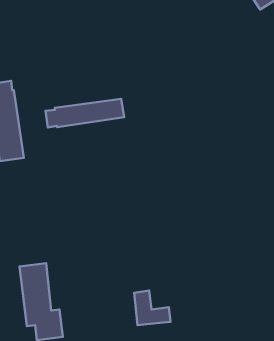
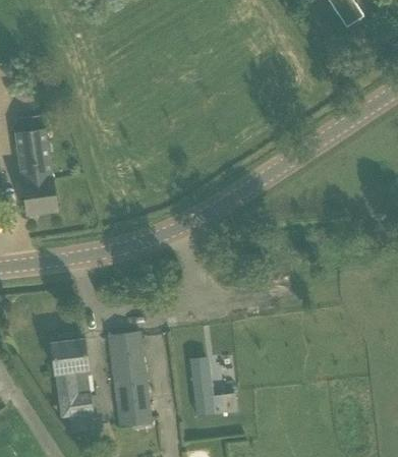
building: [46,99,124,128] -> none
building: none -> [108,332,152,430]

